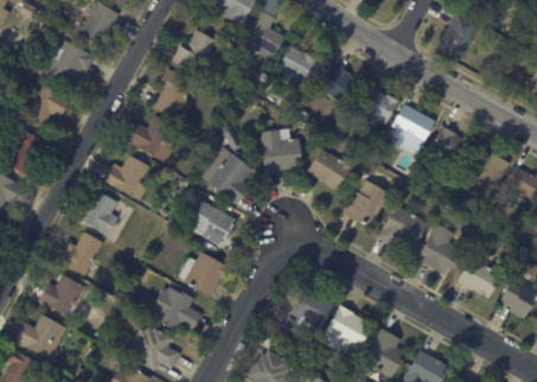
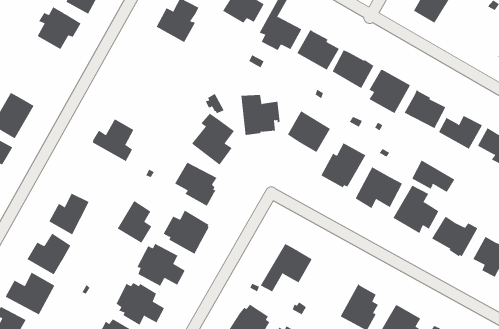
building: [155,68,194,116] -> none
building: [23,82,70,127] -> none
building: [127,115,174,158] -> none
building: [82,191,119,236] -> [117,200,152,243]
building: none -> [412,159,455,193]
building: [322,304,366,345] -> none

